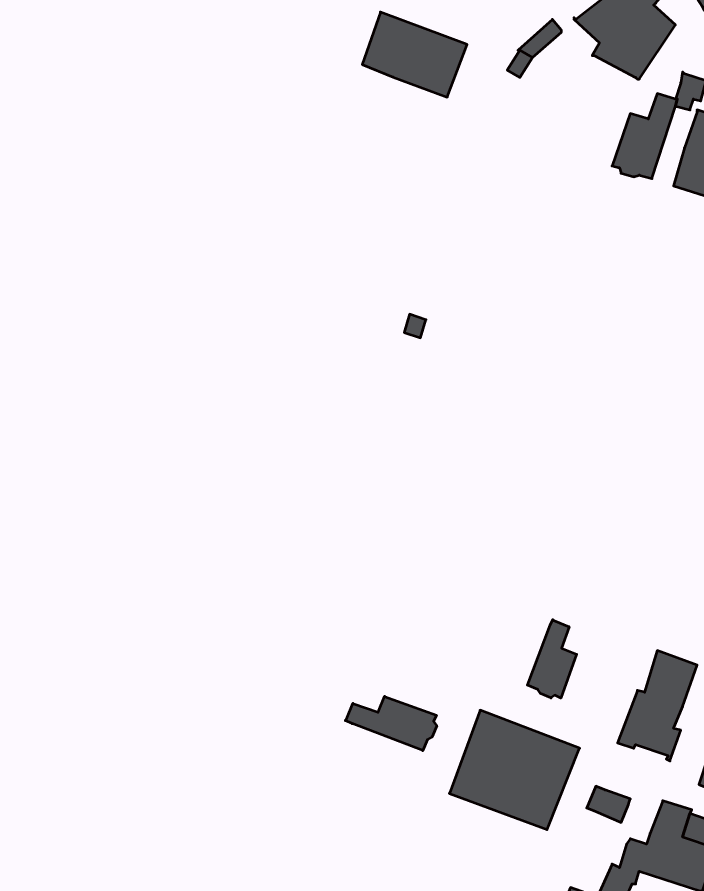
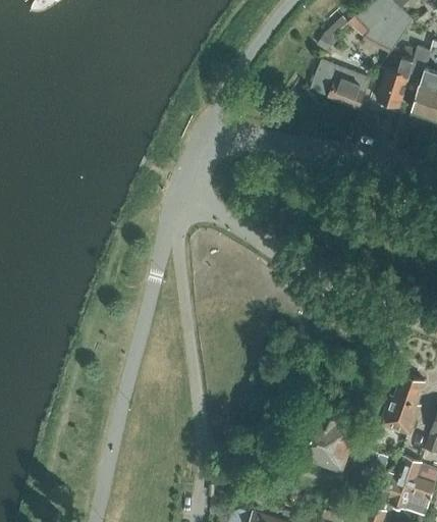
building: [362,12,467,97] -> [311,62,370,110]
building: [527,620,577,698] -> none
building: [345,696,437,751] -> none

